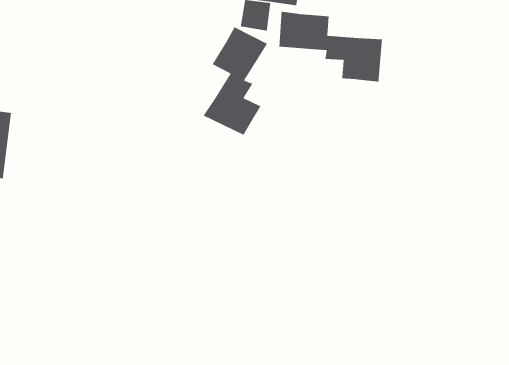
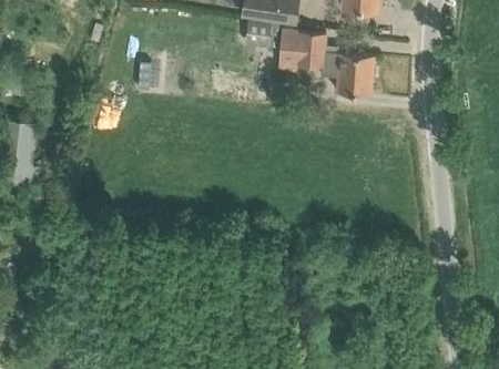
building: [203,26,268,136] -> none

